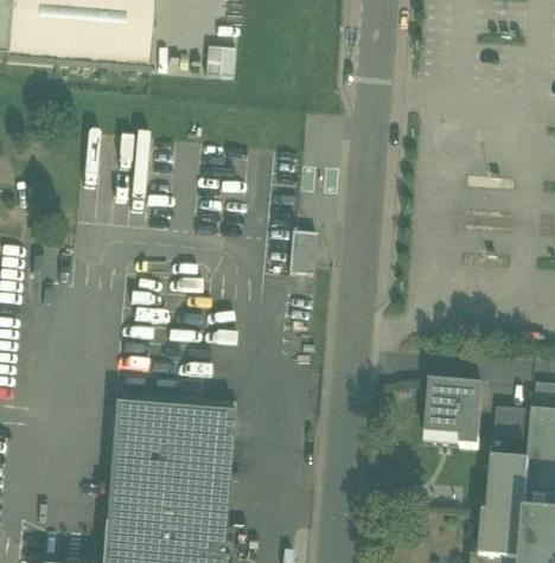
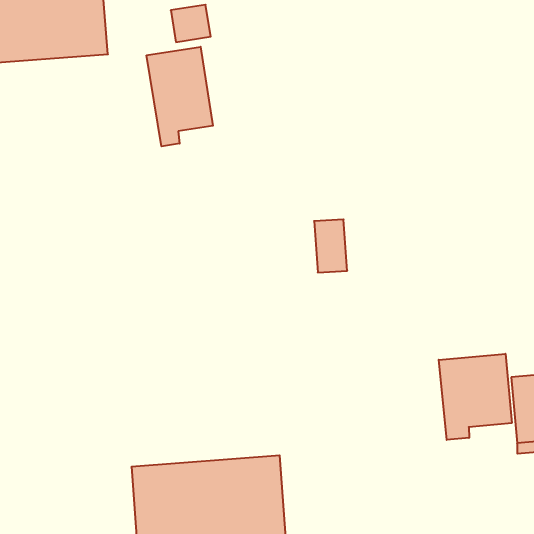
building: none -> [147,47,213,146]
building: none -> [439,354,512,440]

